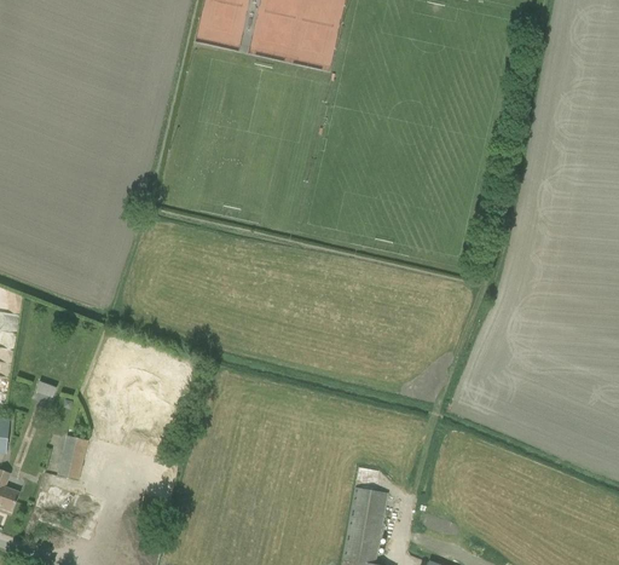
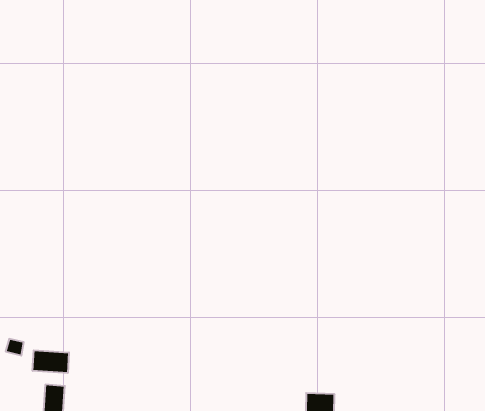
building: none -> [33,350,69,373]

